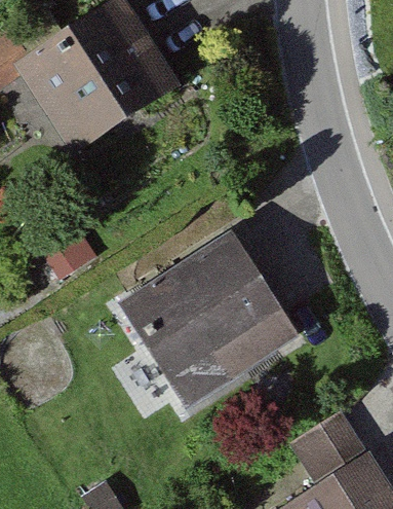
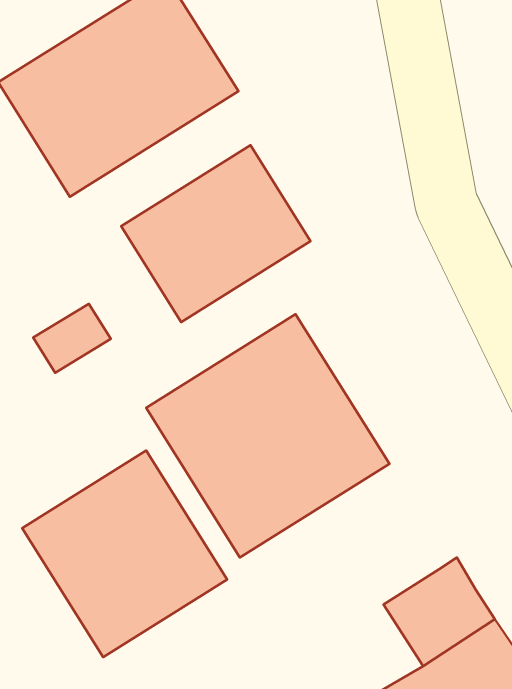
building: none -> [121,145,310,322]
building: none -> [22,451,227,657]

